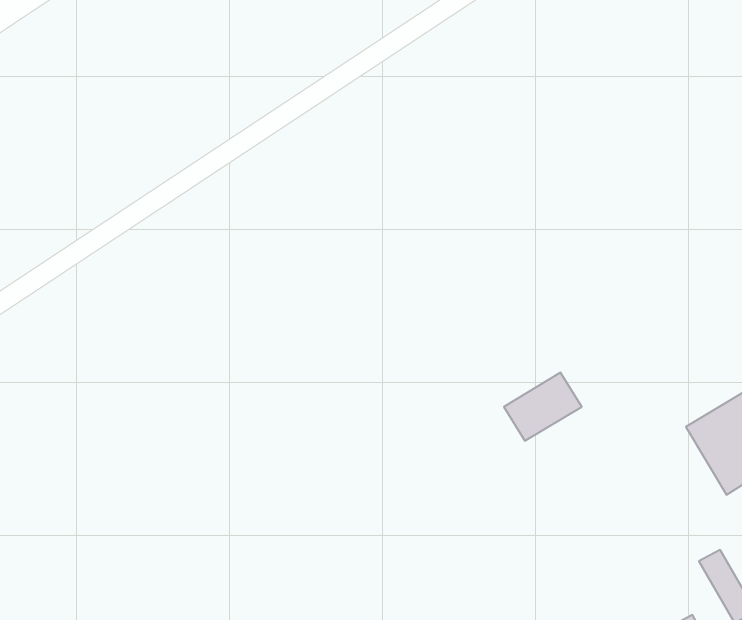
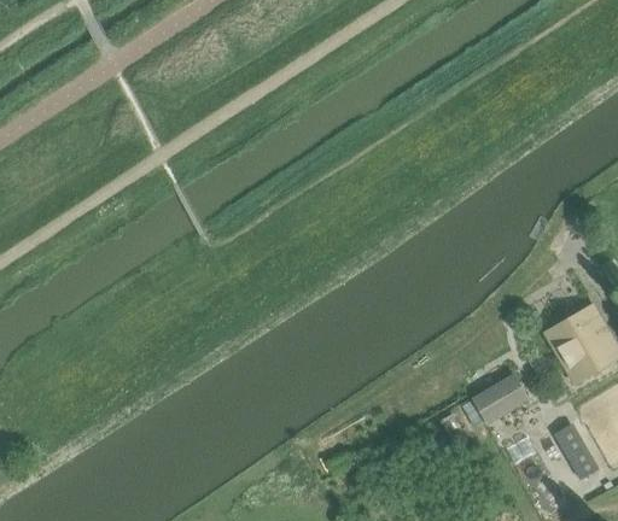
building: [504,373,582,441] -> [472,370,530,421]

